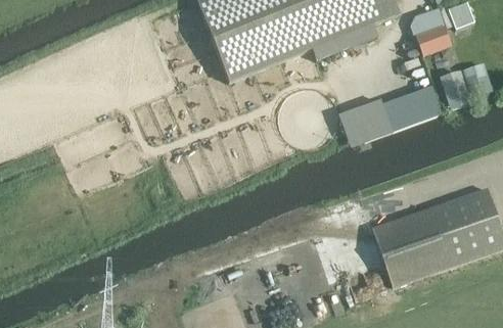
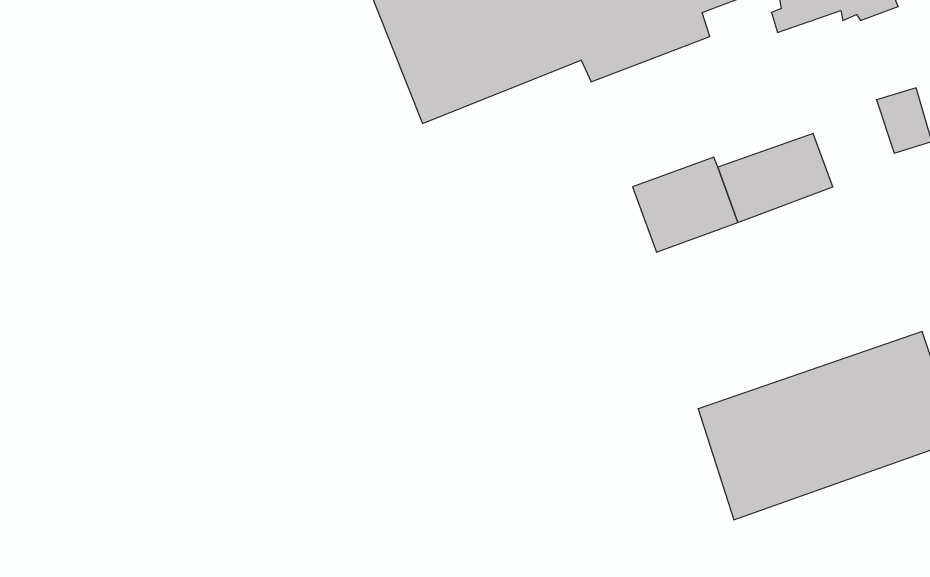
building: [416,27,453,57] -> none
building: [441,71,470,109] -> none

